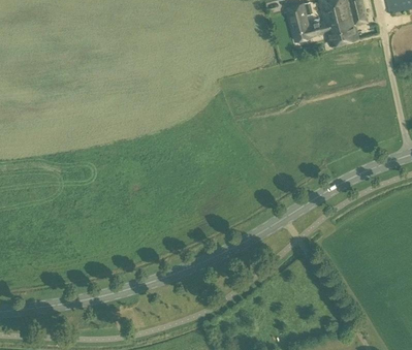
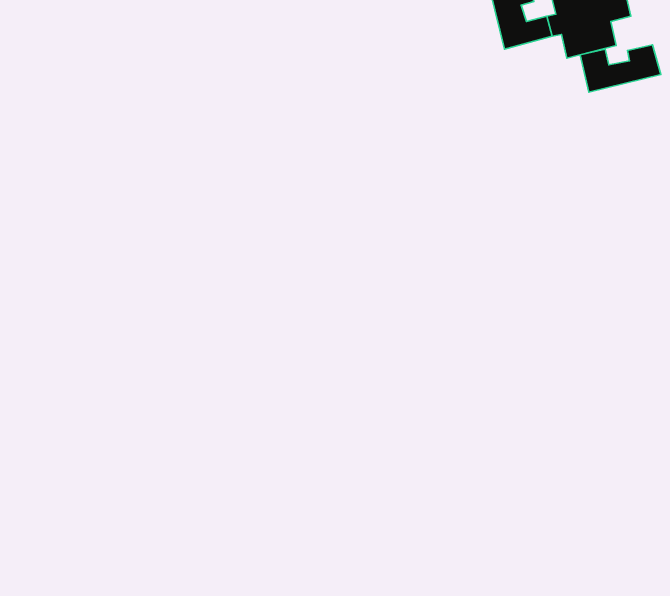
building: none -> [580,45,661,92]

